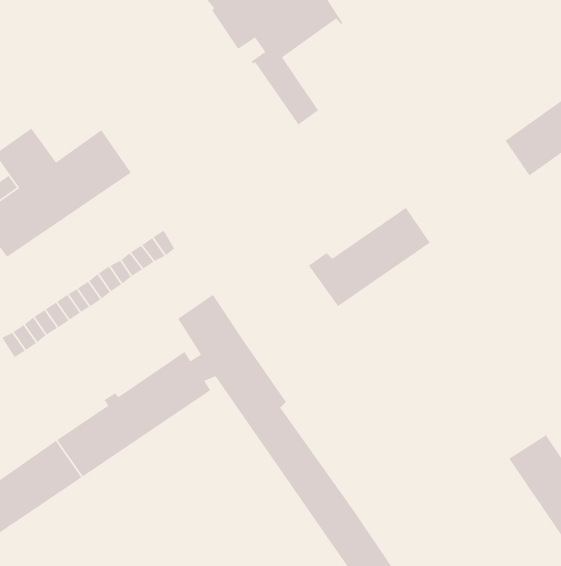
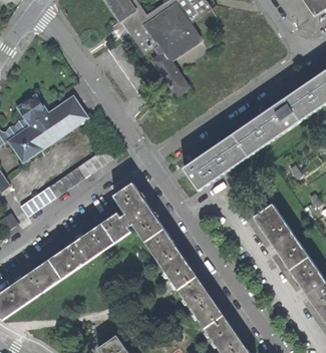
building: none -> [234,100,299,154]
building: none -> [253,203,308,269]

